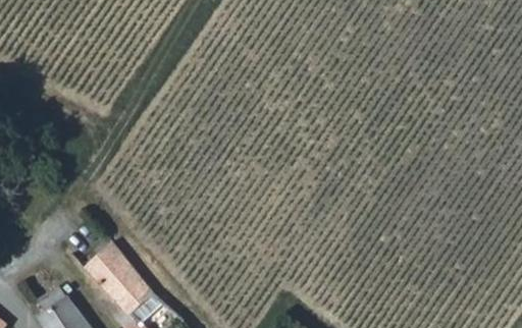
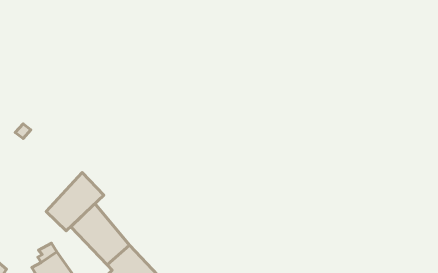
building: none -> [46,172,104,231]

